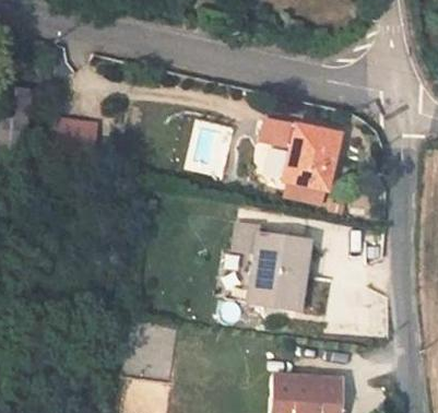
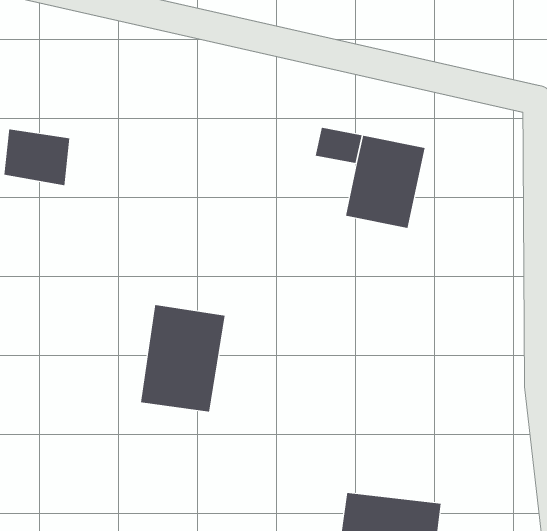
building: [249,235,308,309] -> [140,305,225,412]

